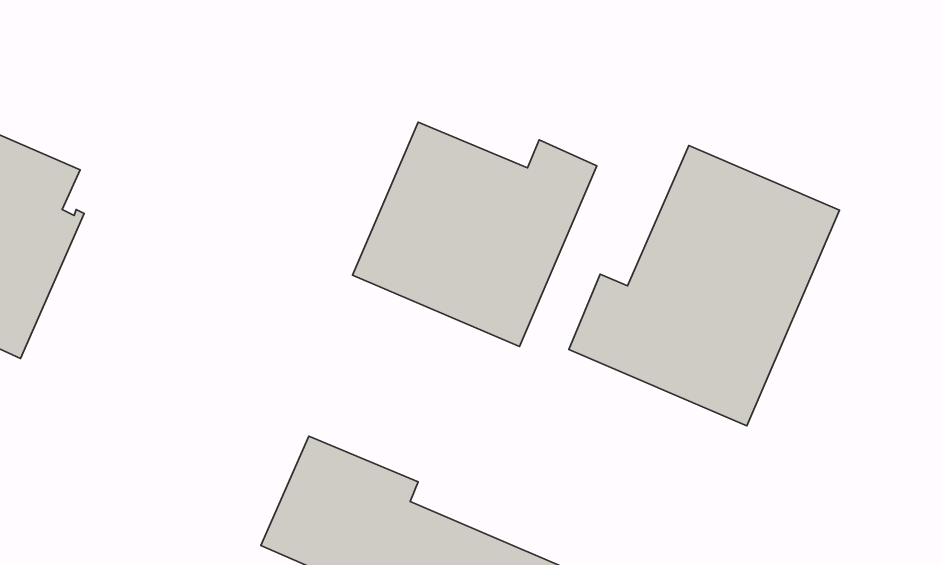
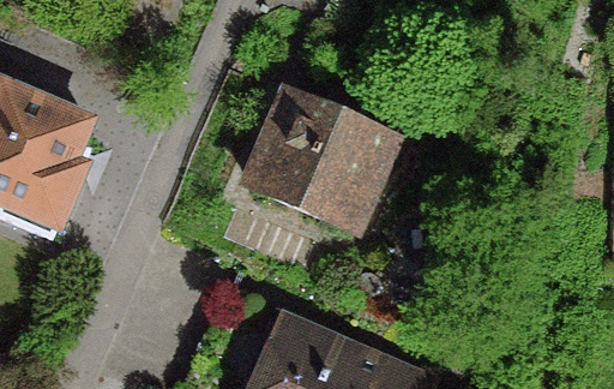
building: [569,146,839,426] -> none

